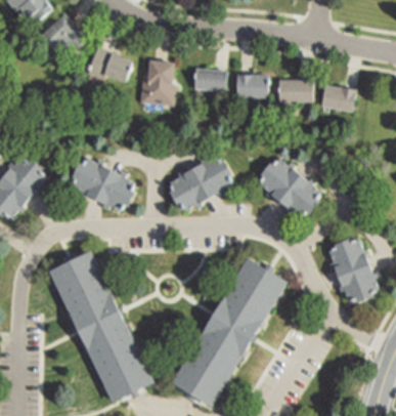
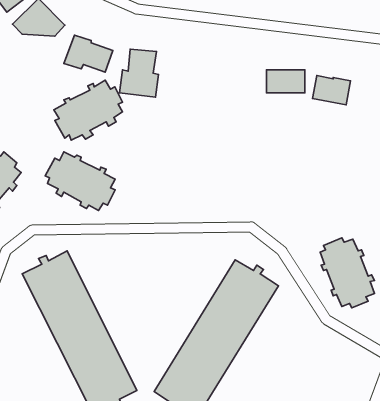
building: [193,69,227,91] -> none
building: [235,74,267,98] -> none
building: [168,155,232,211] -> [54,80,123,140]
building: [258,157,322,217] -> none

